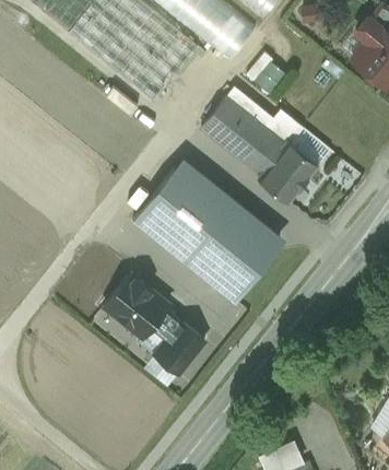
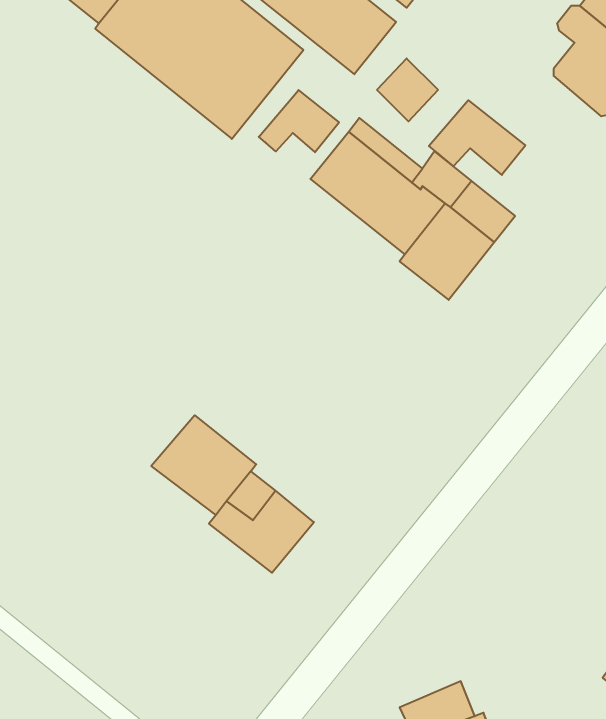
building: none -> [259,90,339,152]
building: none -> [429,100,525,175]
building: [132,157,284,302] -> none

